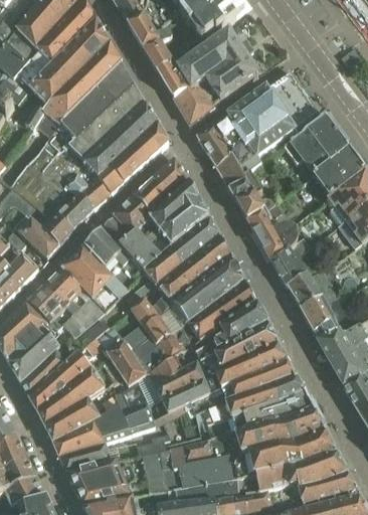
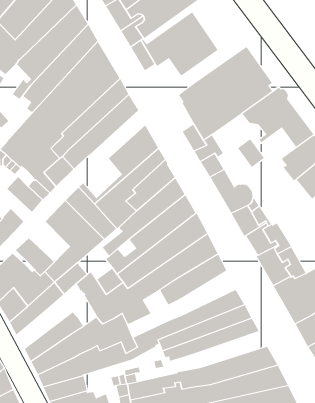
building: [174,83,216,124] -> none
building: [197,125,229,166] -> none
building: [314,162,345,195] -> [237,138,265,168]
building: [105,196,148,240] -> none
building: [43,268,89,313] -> none
building: [155,323,278,398] -> none
building: [29,338,102,411] -> none
building: [202,391,313,438] -> none

